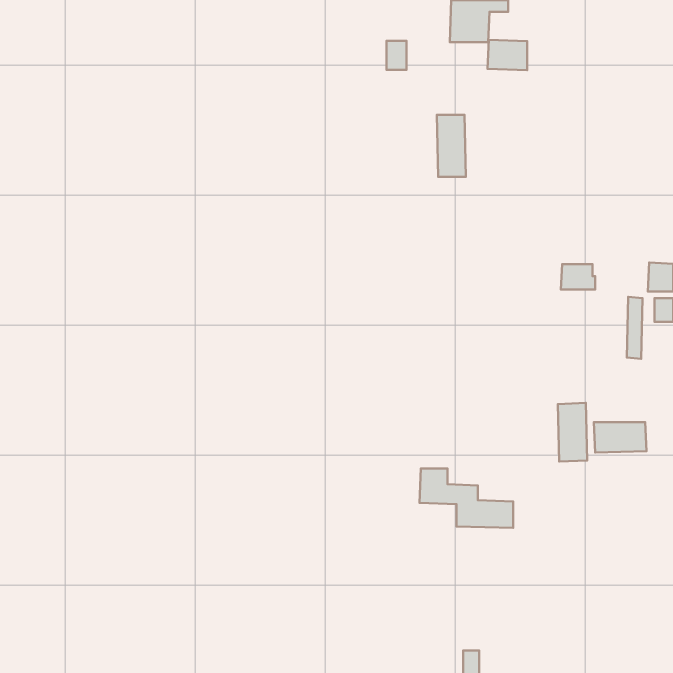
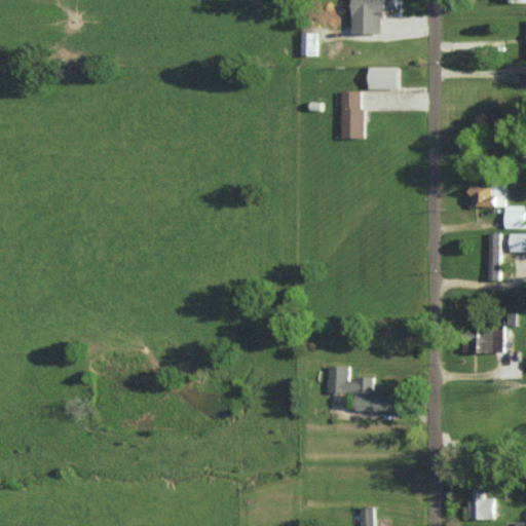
building: [487,40,527,70] -> [367,66,398,89]
building: [561,264,595,289] -> [469,187,496,206]
building: [558,403,587,462] -> none
building: none -> [468,489,494,519]

